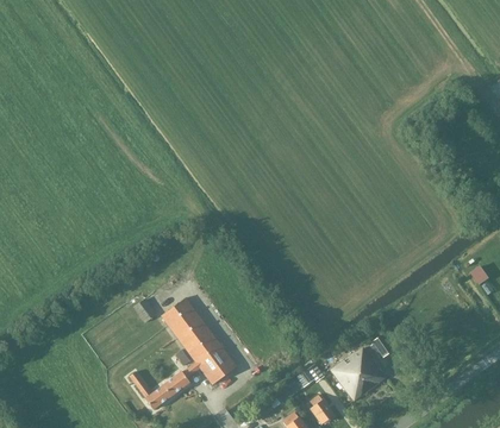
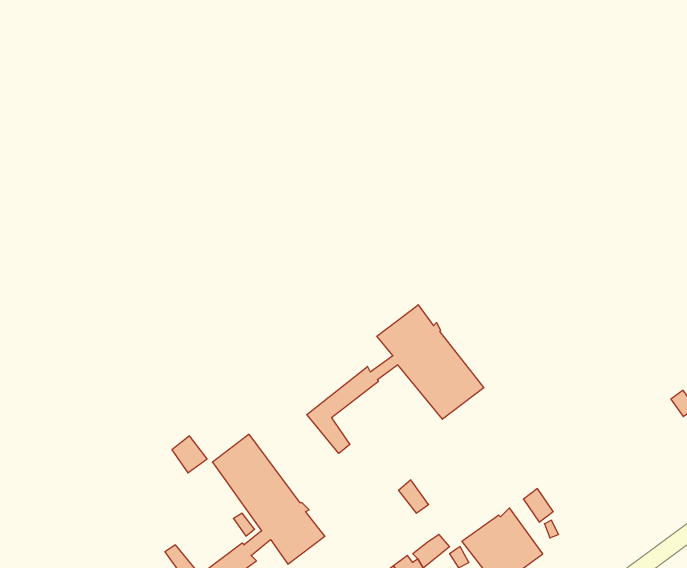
building: none -> [307,305,484,453]

